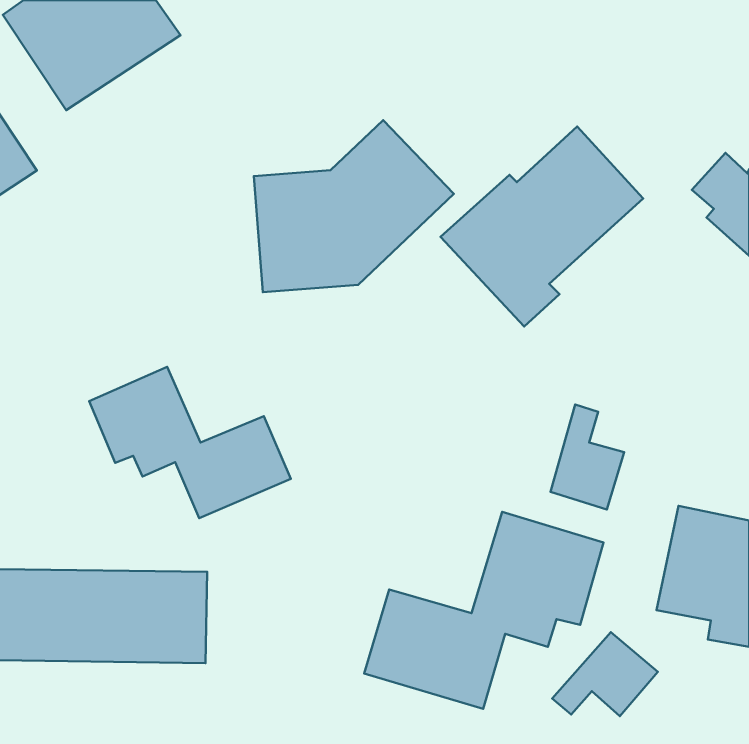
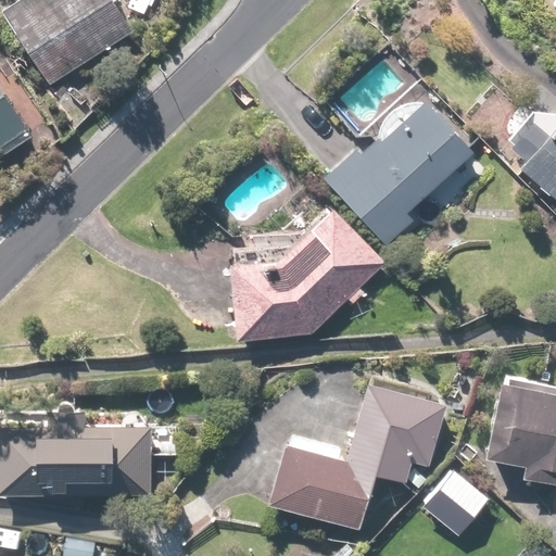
building: [254,120,454,292] -> [236,211,383,338]
building: [89,367,291,518] -> none
building: [550,404,624,510] -> none

